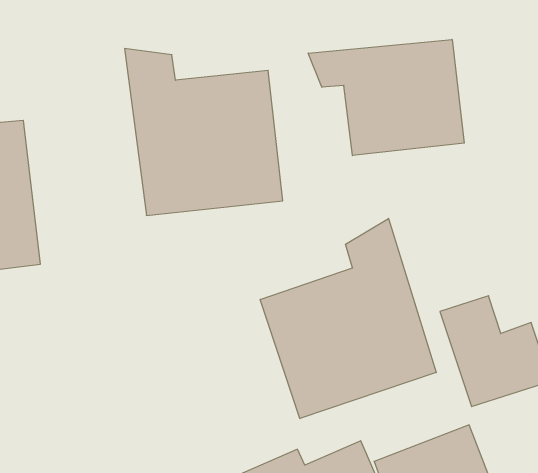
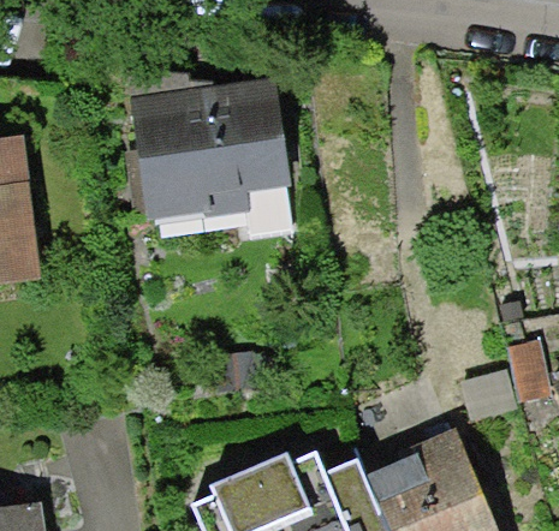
building: [308,39,464,156] -> none
building: [260,218,436,419] -> none

